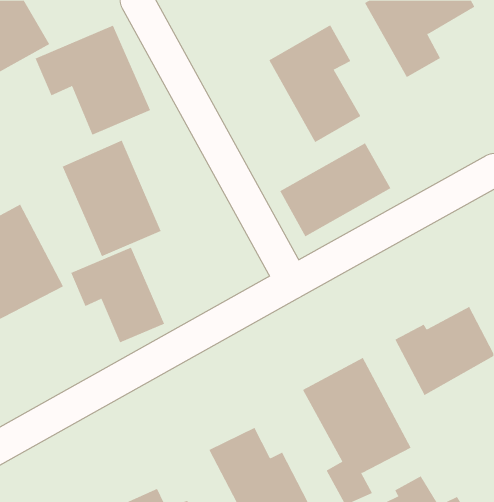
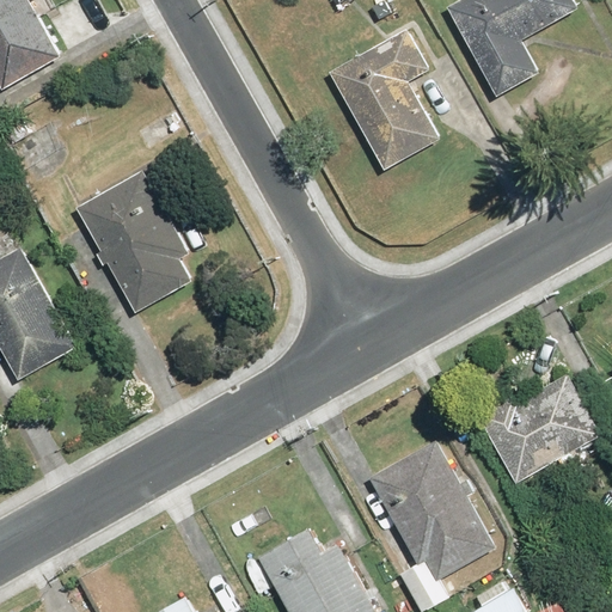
building: [35,25,151,135] -> none
building: [280,143,391,237] -> none
building: [71,247,165,343] -> none

